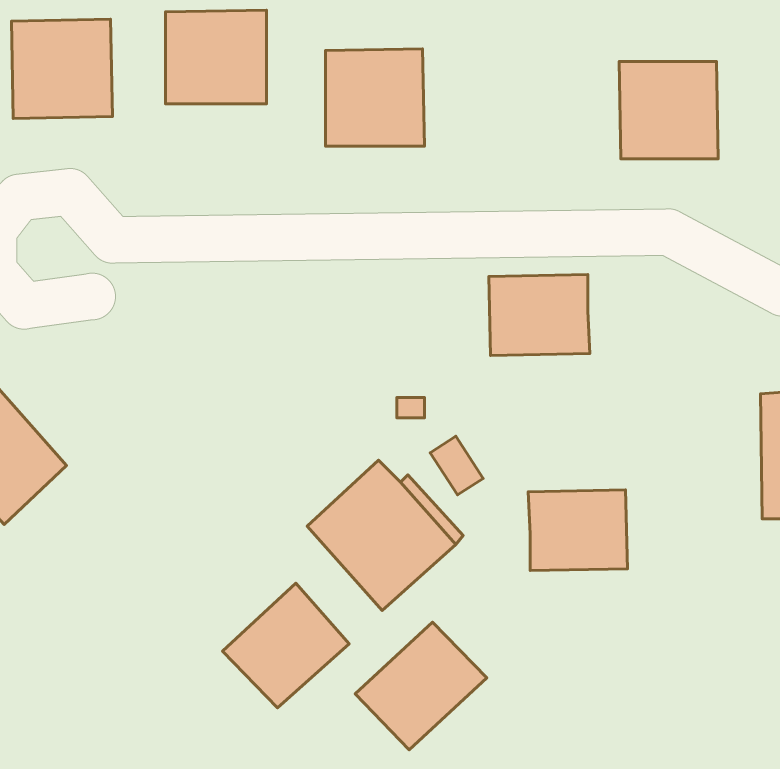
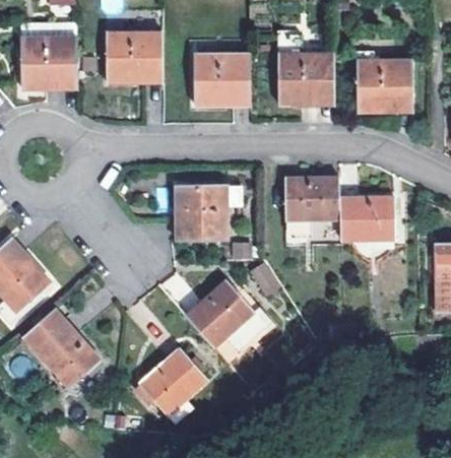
building: none -> [276,32,332,106]
building: none -> [175,185,227,241]
building: [528,490,627,571] -> [339,196,394,241]
building: none -> [20,307,100,389]
building: [355,622,487,750] -> none

